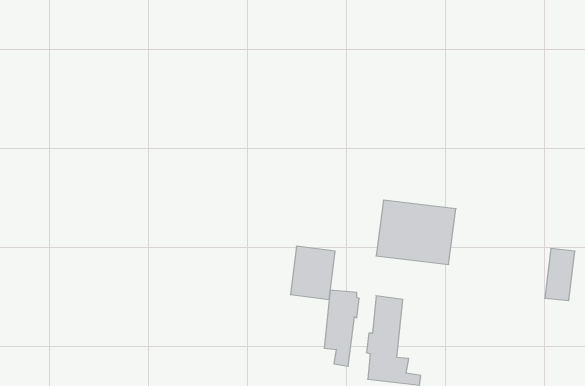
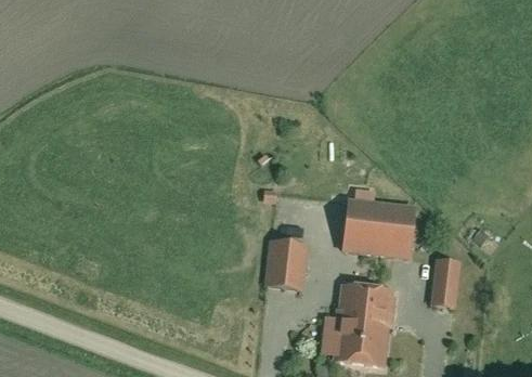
building: [545,249,575,301] -> [432,259,459,306]
building: [324,290,359,366] -> [362,287,393,355]

